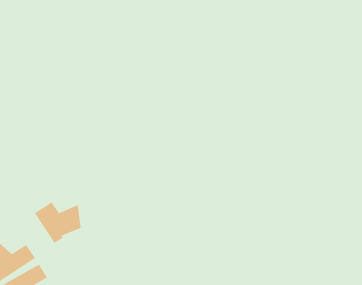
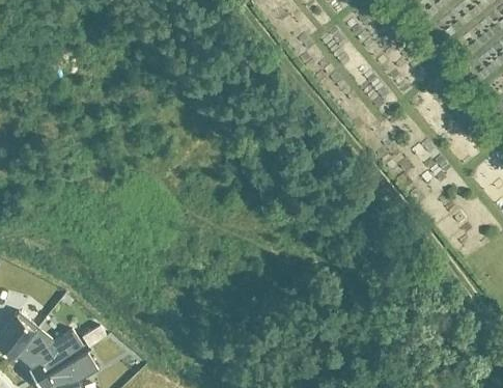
building: [34,202,82,244] -> none

